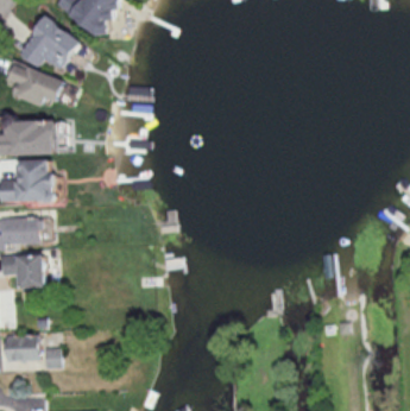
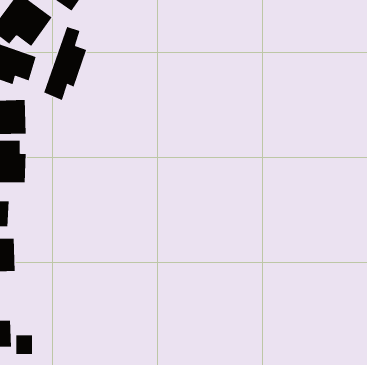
building: none -> [44,26,87,101]

